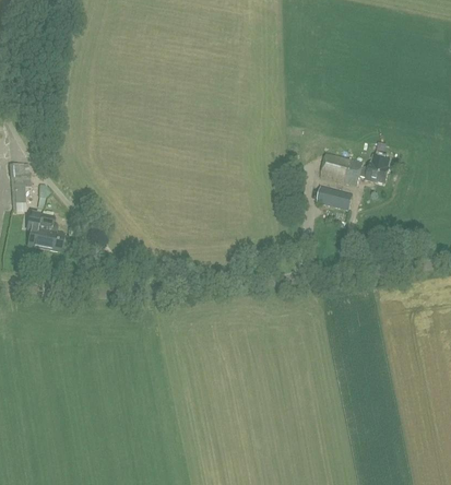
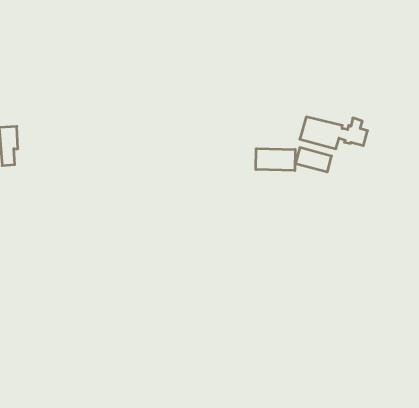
building: none -> [256,149,295,171]
building: [25,209,62,250] -> none

